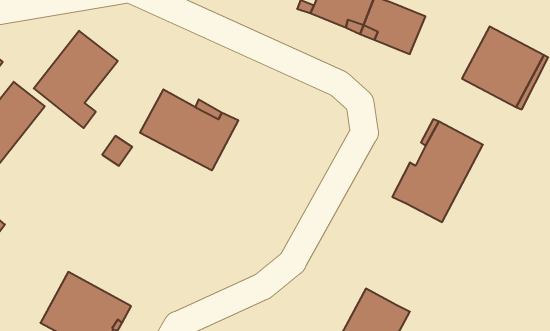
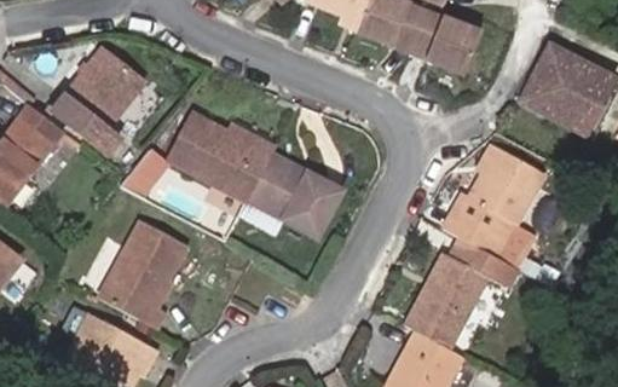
building: none -> [248,151,346,238]
building: none -> [98,219,189,329]
building: none -> [405,237,518,348]

